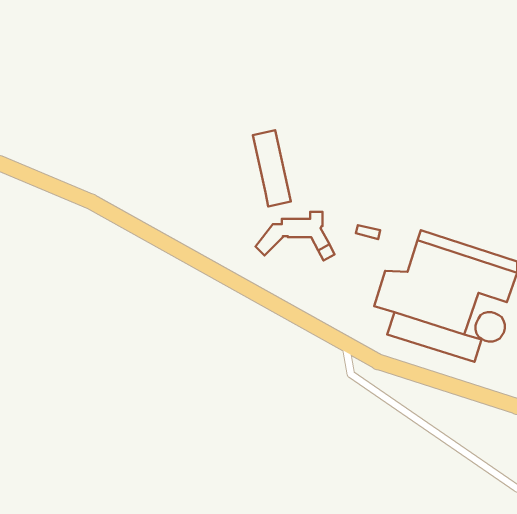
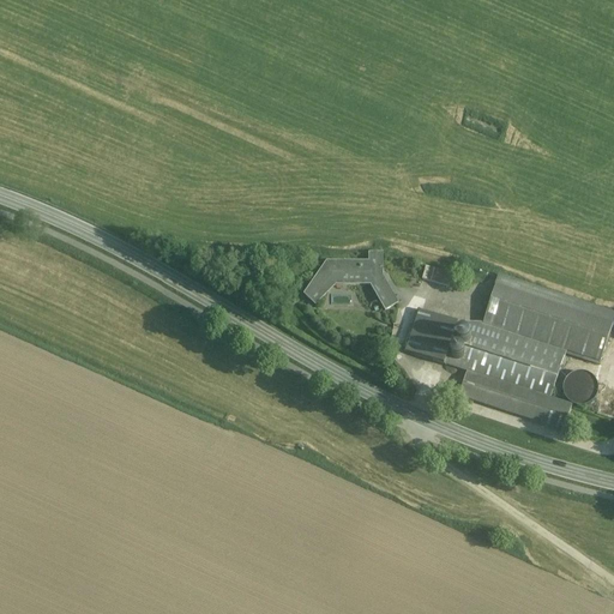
building: [253,130,291,206] -> none
building: none -> [405,308,456,362]

